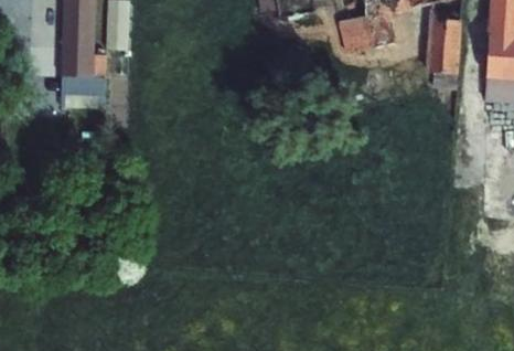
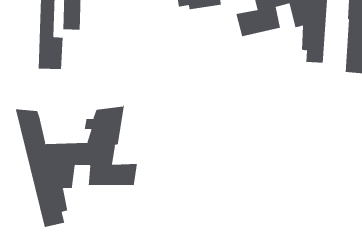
building: none -> [15,104,138,228]

